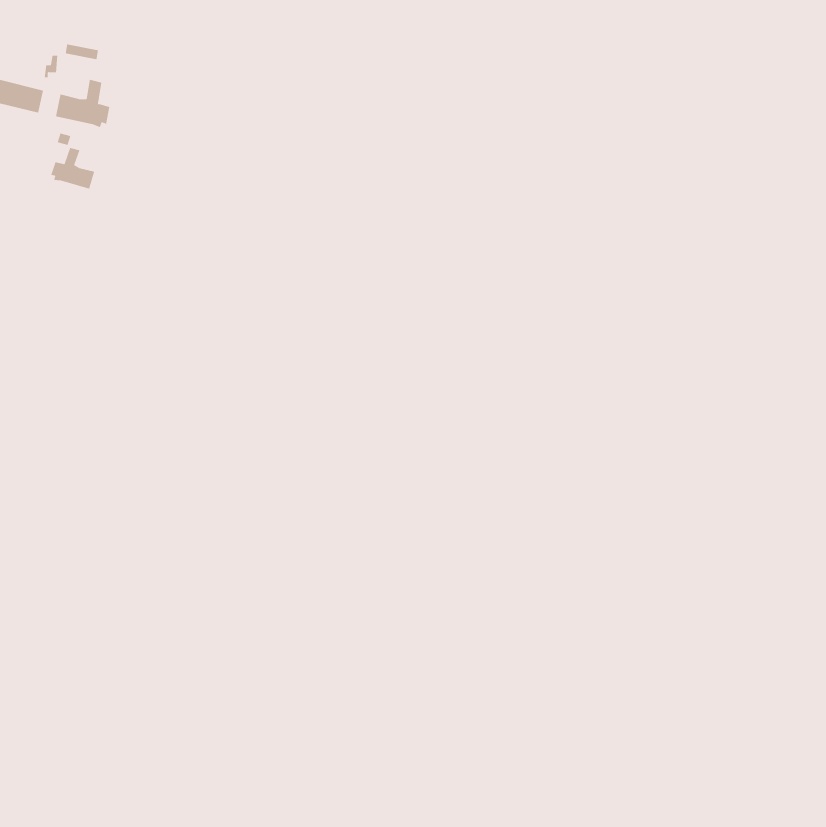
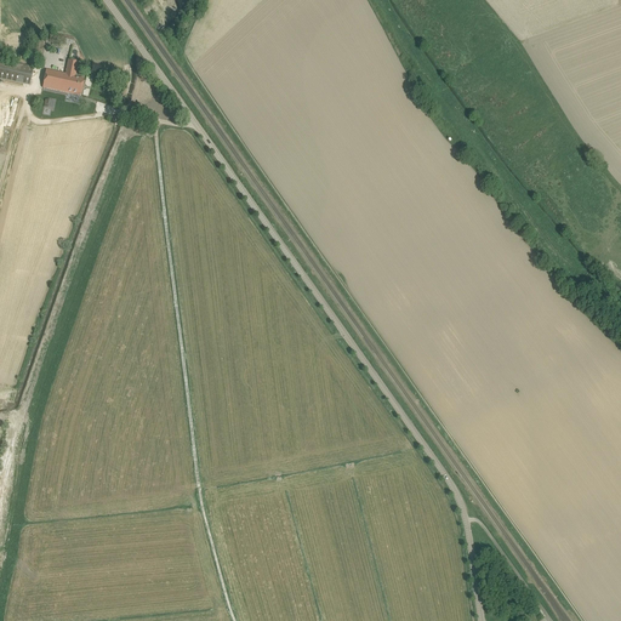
building: [51,147,95,189] -> none

